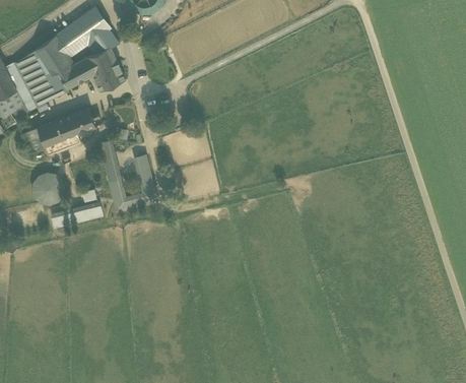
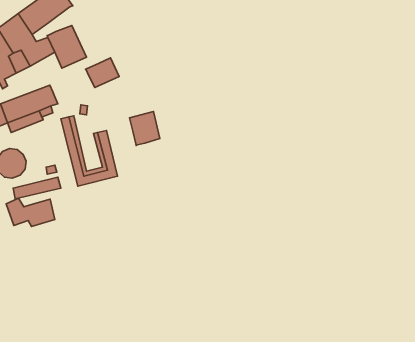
building: [86,28,119,54] -> none
building: none -> [86,58,119,87]
building: none -> [129,111,160,145]
building: none -> [6,198,55,226]

